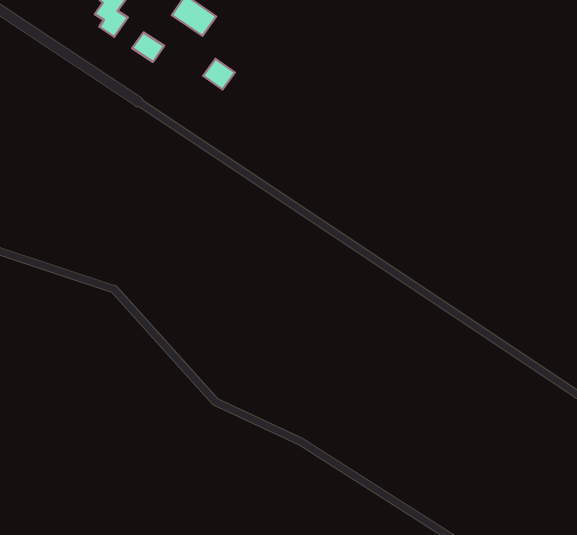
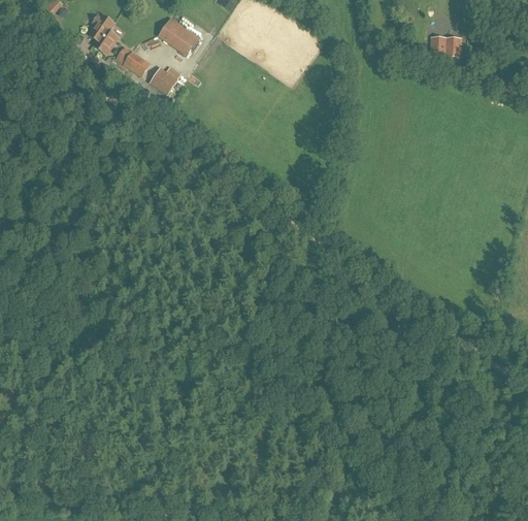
building: none -> [430,37,462,58]
building: [203,59,235,90] -> [150,68,178,96]

